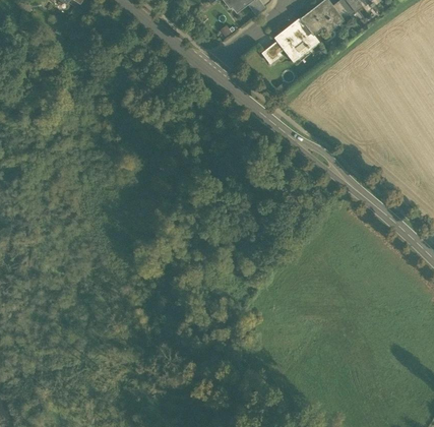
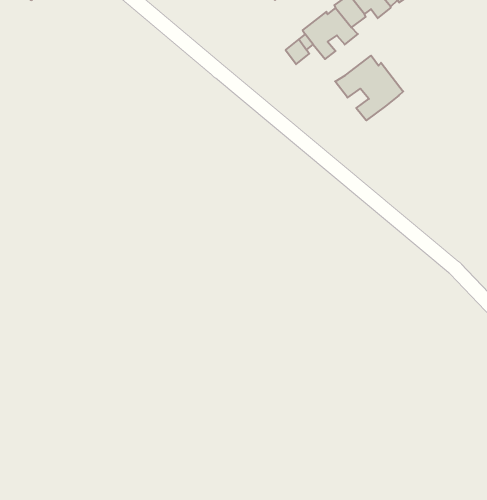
building: none -> [335,56,403,120]

